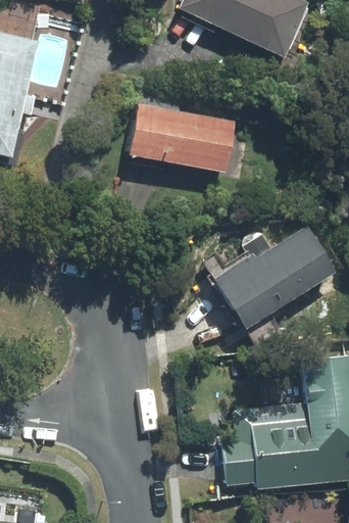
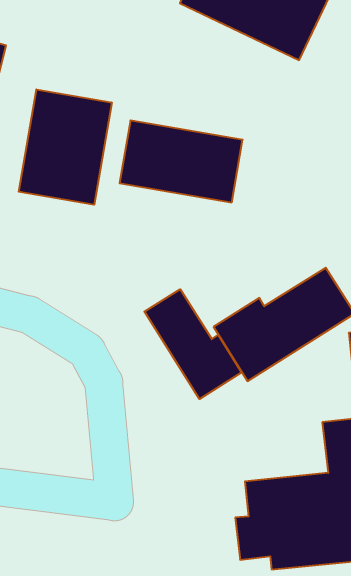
building: none -> [19,89,112,205]
building: none -> [144,289,241,399]

